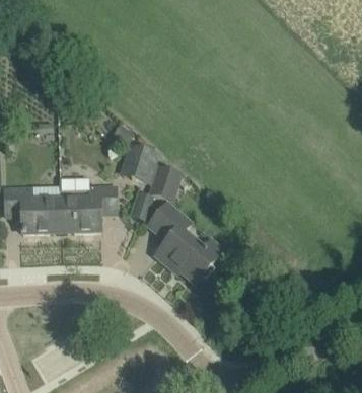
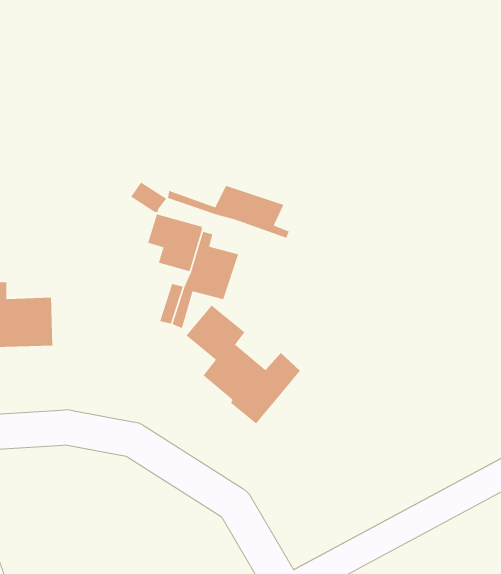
building: none -> [167,185,290,239]
building: [60,176,115,231] -> none

